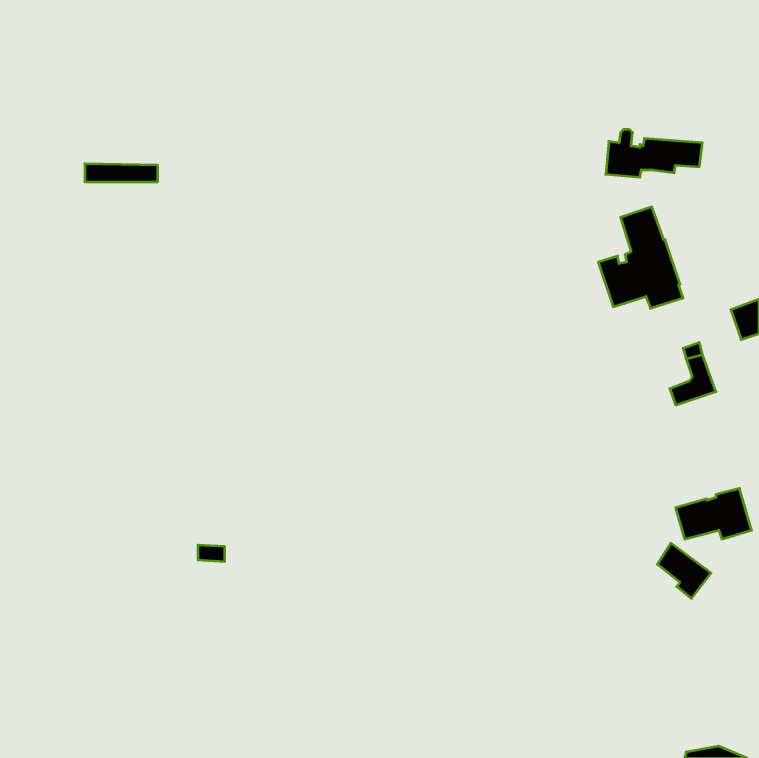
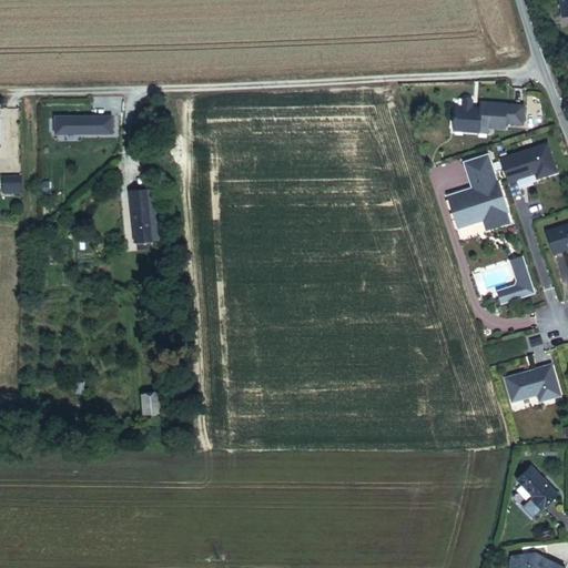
building: none -> [498,142,557,183]
building: none -> [129,194,156,248]
building: [657,543,711,598] -> [516,465,556,506]

